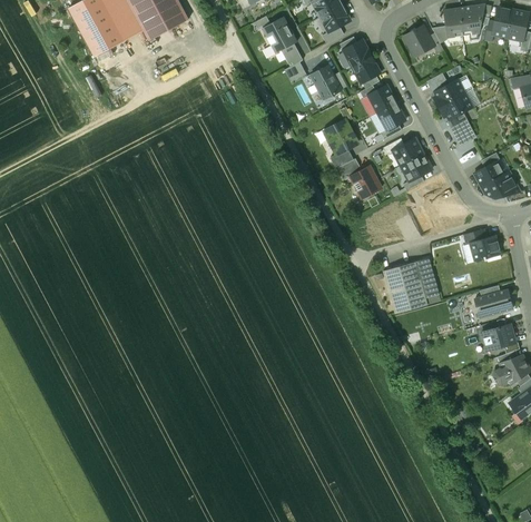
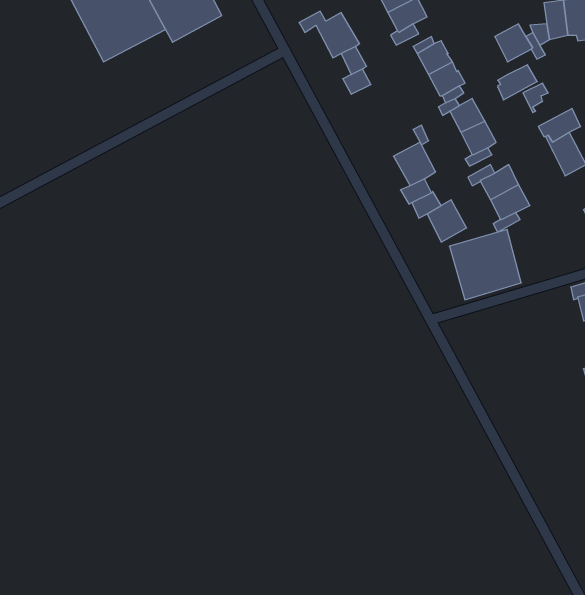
building: [311,66,342,100] -> none
building: [434,80,465,108] -> [498,65,537,100]
building: [383,258,440,314] -> [449,229,521,300]

